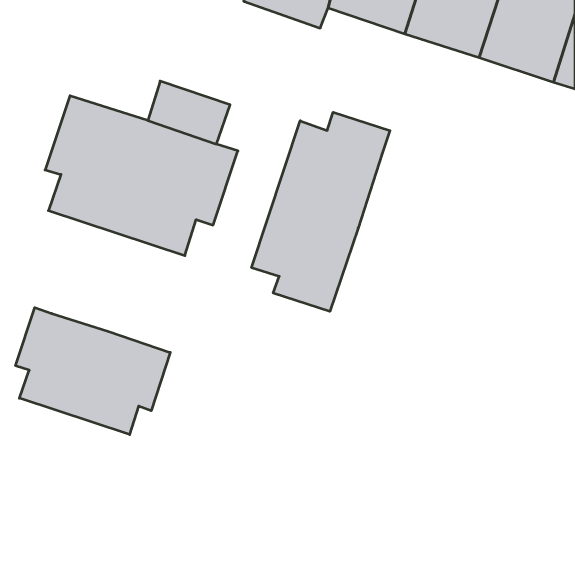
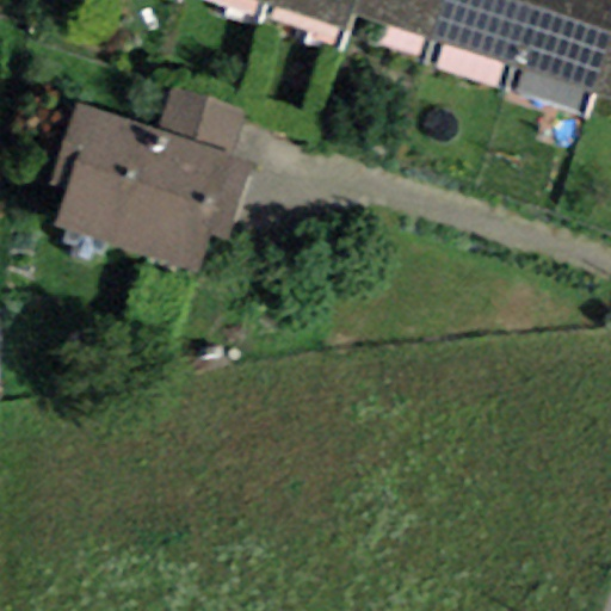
building: [252,112,390,311] -> none
building: [16,308,170,435] -> none

